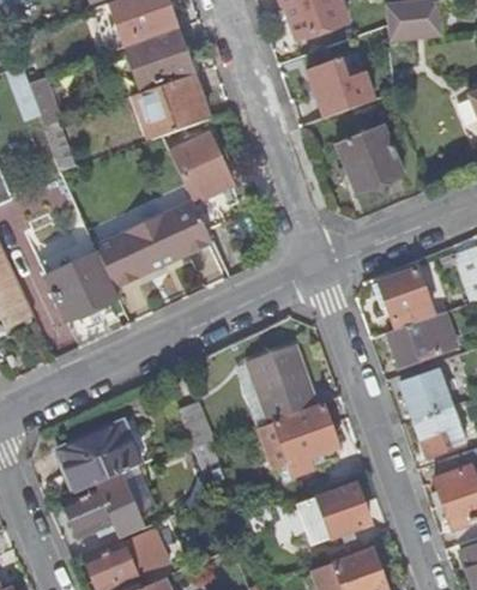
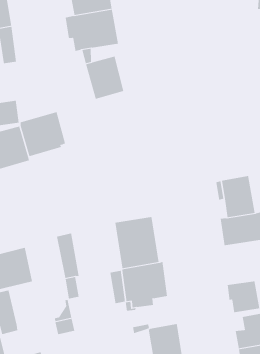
building: [308,54,378,116] -> none
building: [338,125,404,194] -> none
building: [144,201,215,265] -> none
building: [403,368,449,417] -> none

